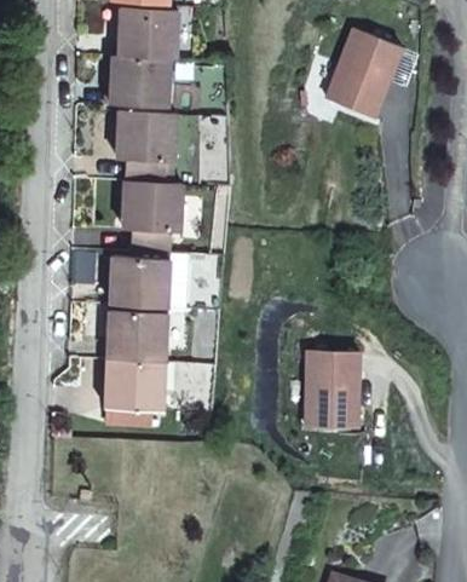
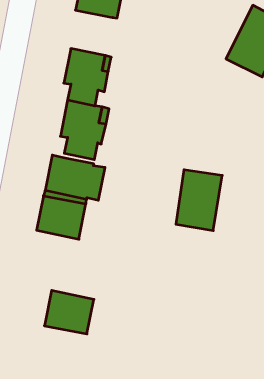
building: [109,59,167,106] -> none
building: [105,359,166,410] -> [44,290,94,334]
building: [312,359,364,434] -> [176,170,222,231]

